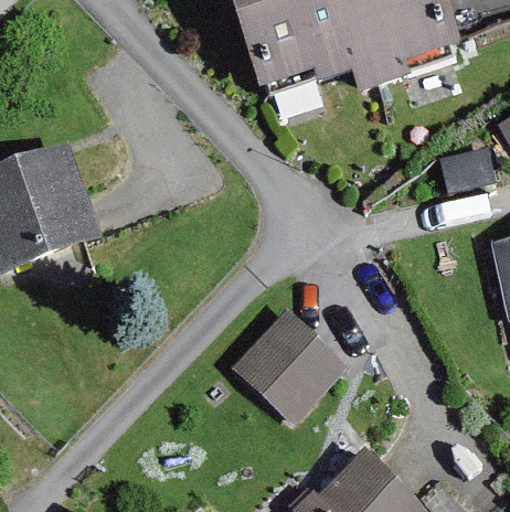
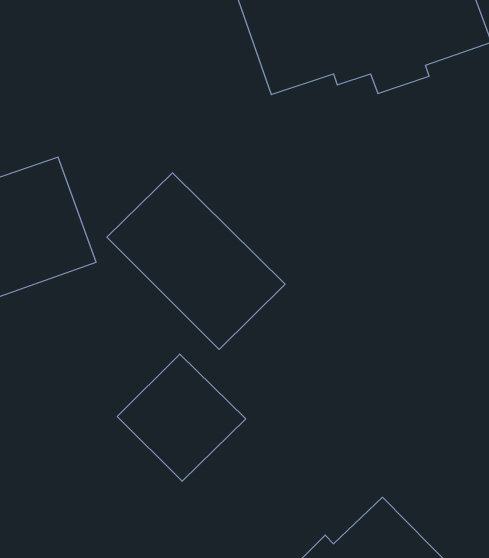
building: none -> [107,173,285,349]
building: [232,306,348,420] -> [117,354,246,481]

